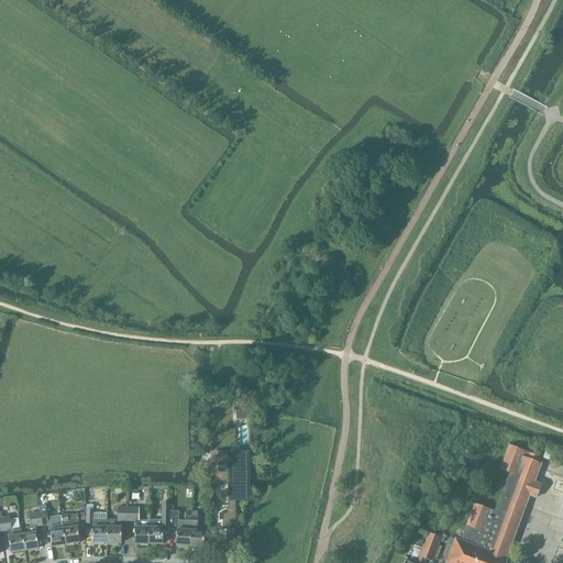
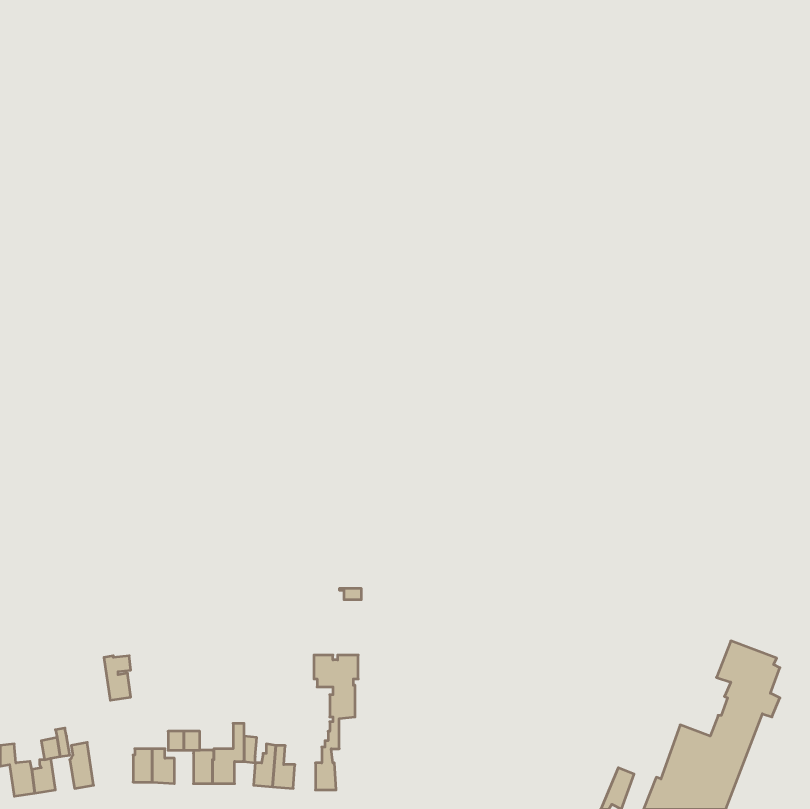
building: [60,514,79,544] -> [104,656,131,700]

